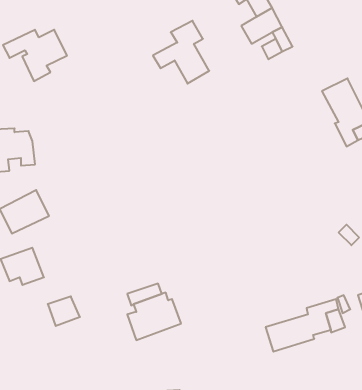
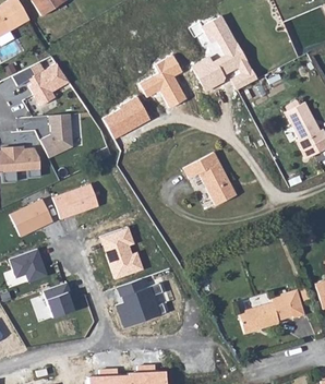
building: none -> [195,52,227,88]
building: none -> [104,96,148,137]
building: none -> [39,112,72,157]
building: none -> [183,152,236,205]
building: none -> [53,182,98,217]
building: none -> [103,225,145,277]

